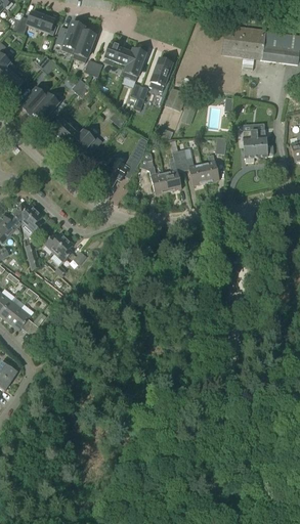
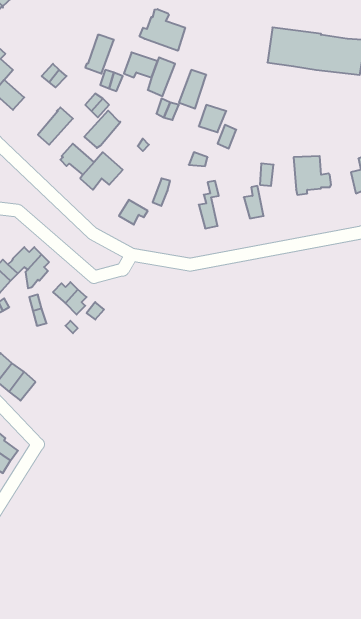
building: none -> [140,9,185,51]
building: [16,11,53,35] -> none
building: [61,23,84,54] -> none
building: [19,84,49,115] -> [84,111,120,148]
building: [178,148,207,185] -> none
building: [139,151,170,193] -> none

